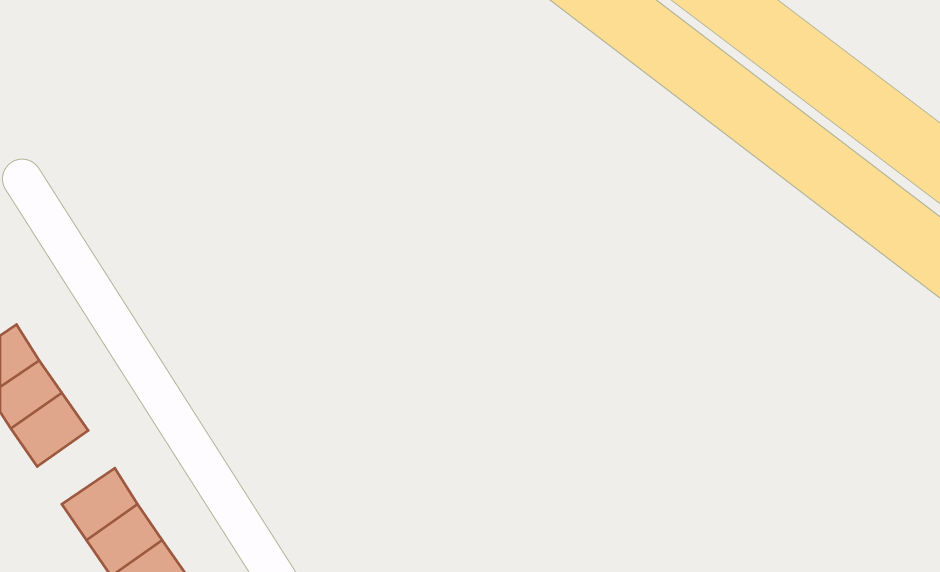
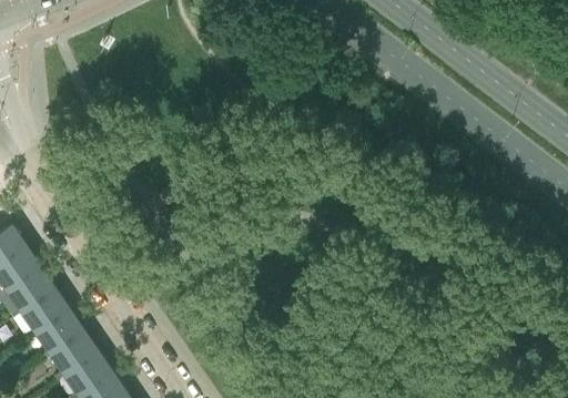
building: none -> [22,287,68,330]

